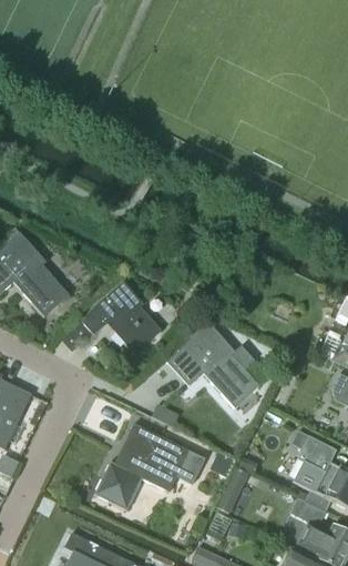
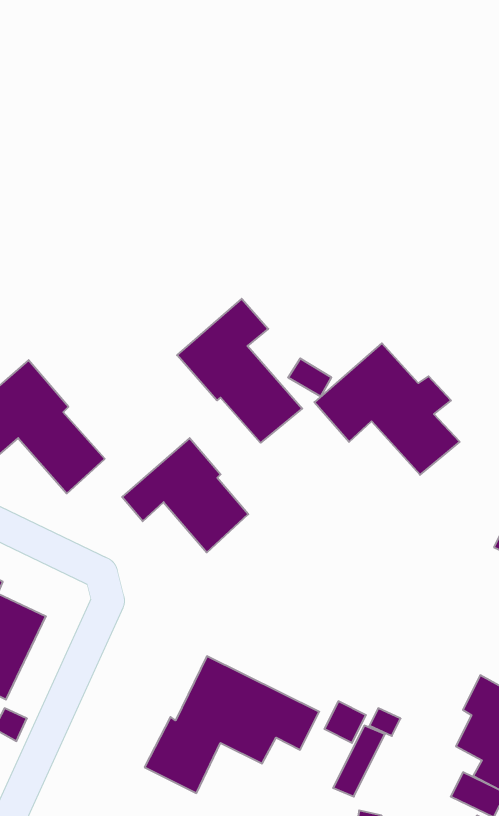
building: none -> [177,299,302,443]
building: [167,324,260,408] -> [314,343,460,475]

